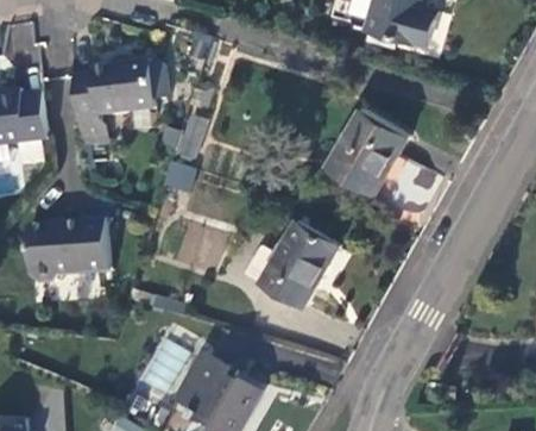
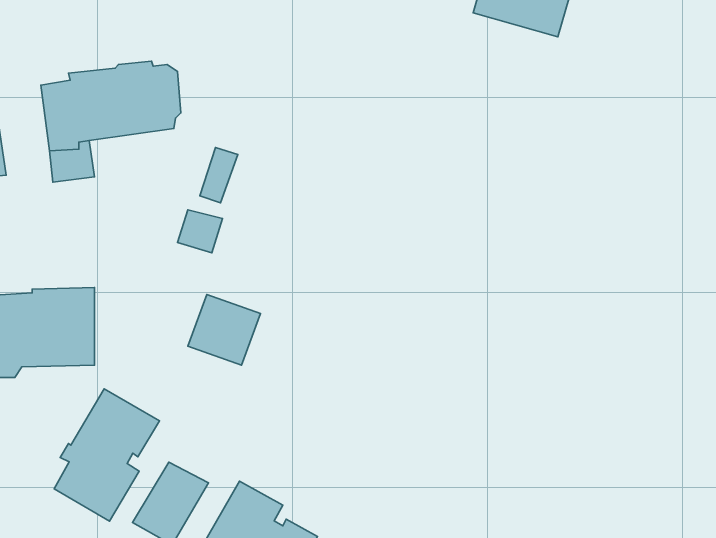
building: [328,106,411,193] -> none
building: [263,218,340,304] -> none
building: none -> [54,389,159,521]

